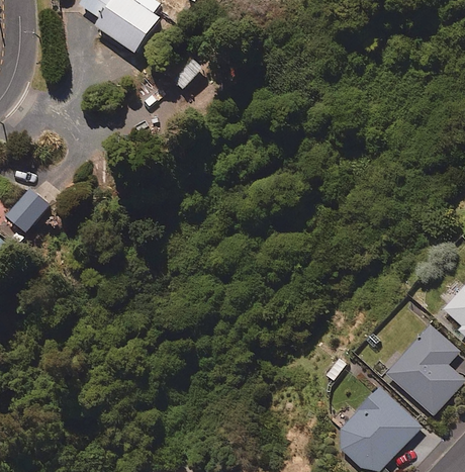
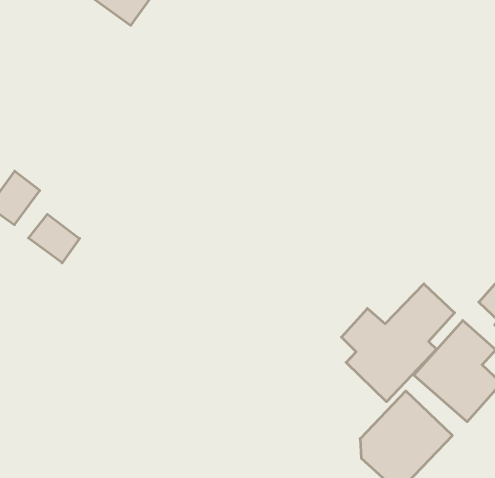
building: none -> [28,214,80,263]
building: none -> [341,284,455,402]

